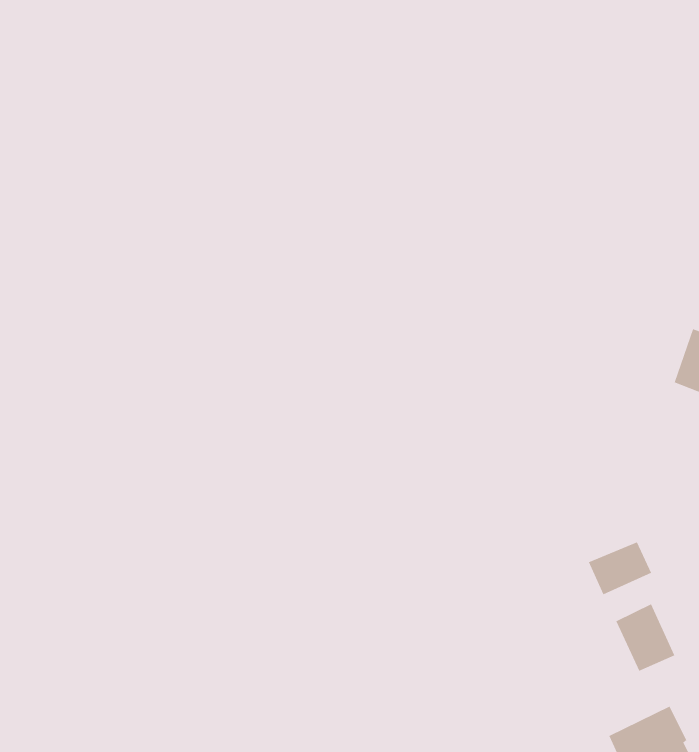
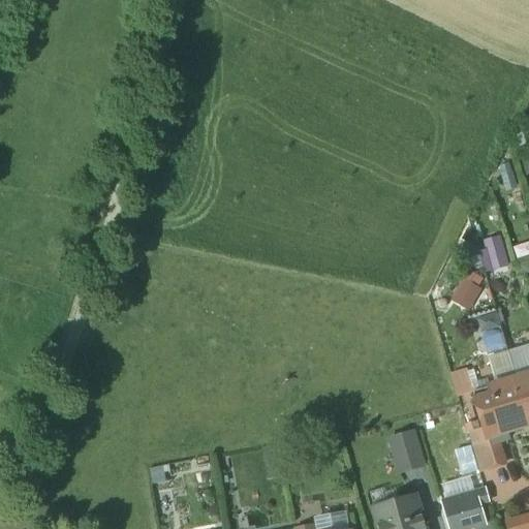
building: [588,542,652,595] -> none

